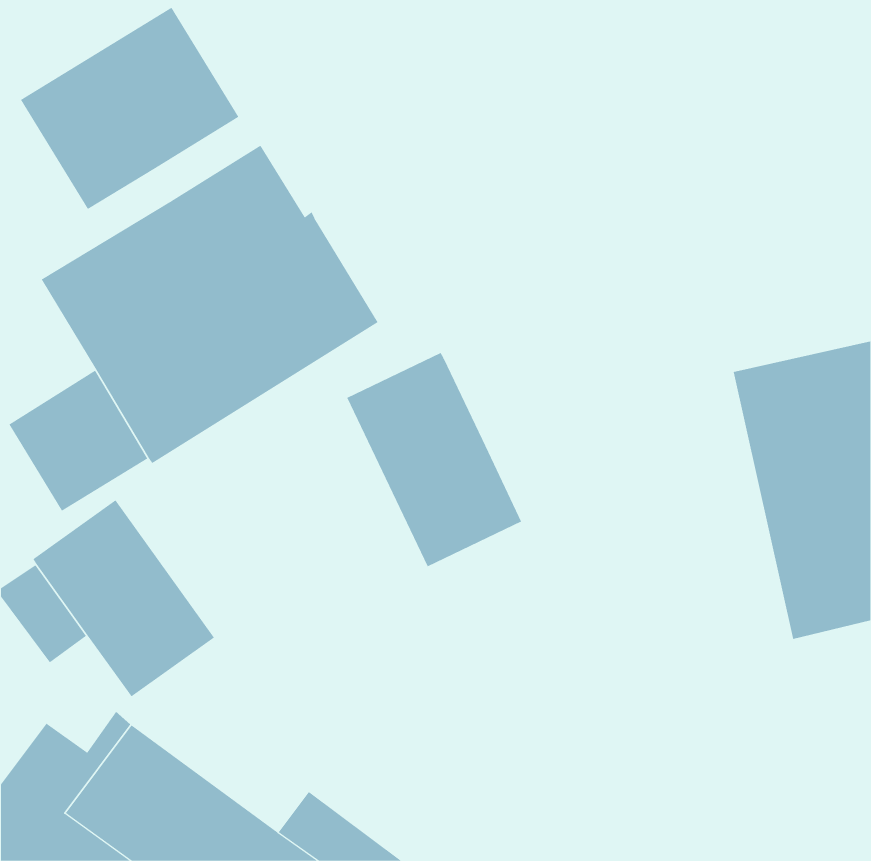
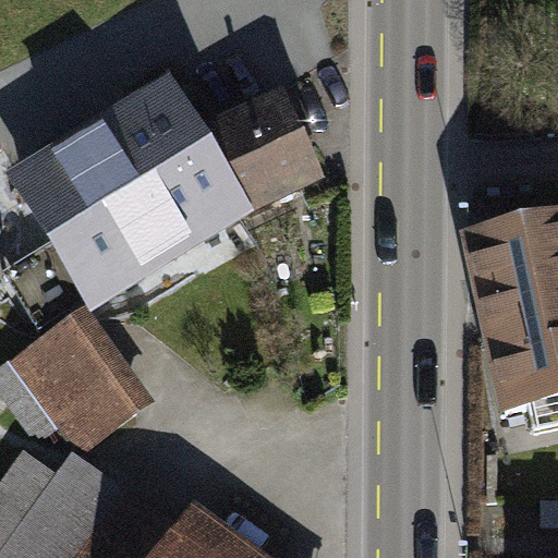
building: [20,7,239,210] -> none
building: none -> [202,94,316,206]
building: [346,352,522,567] -> none

